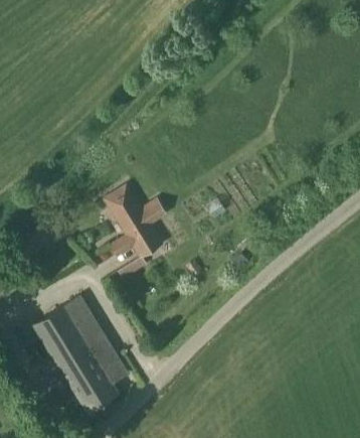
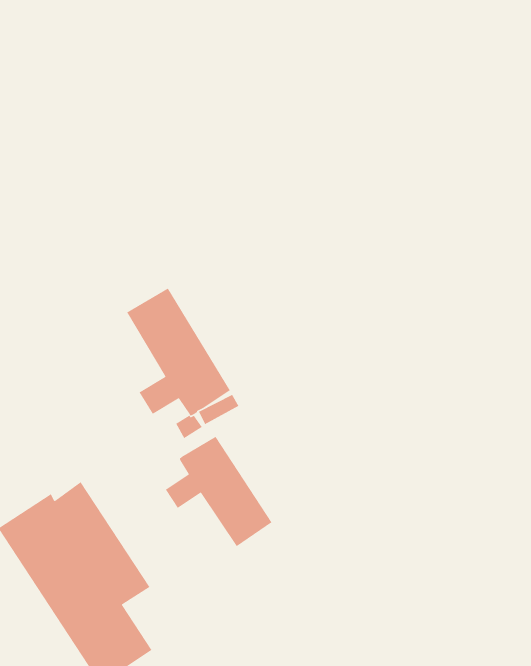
building: none -> [165,436,273,547]

